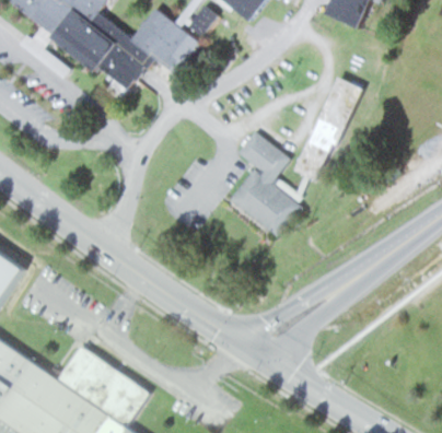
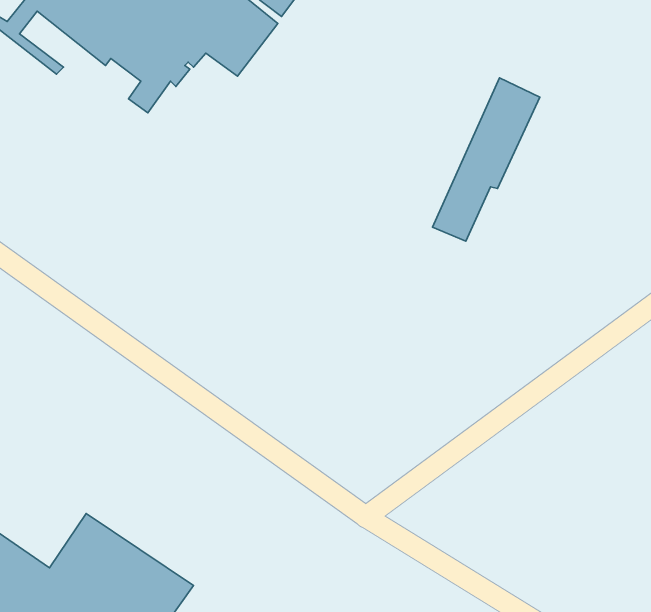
building: [230,130,299,234] -> none

